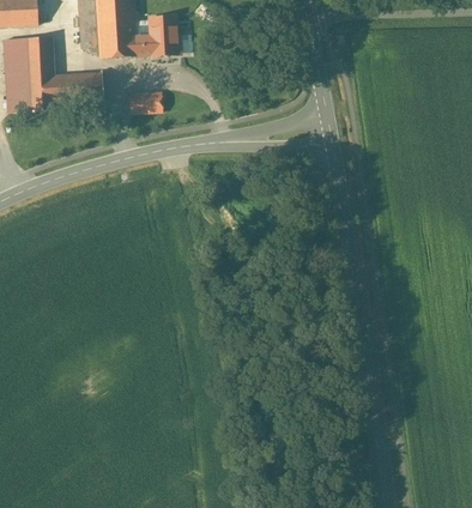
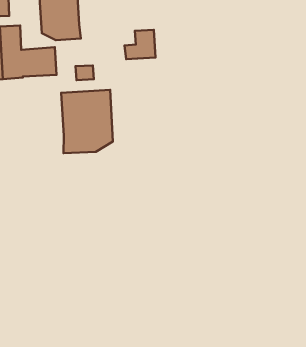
building: [134,14,177,55] -> [125,30,156,59]
building: none -> [61,90,113,153]

